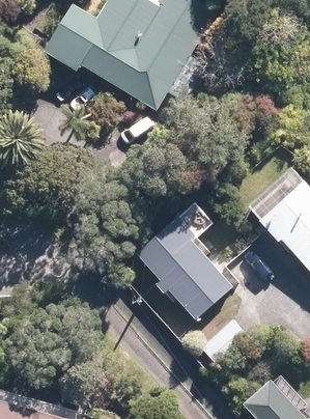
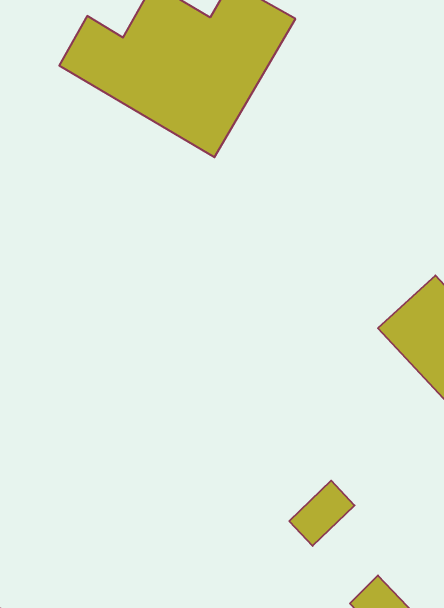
building: [140,223,231,315] -> none

